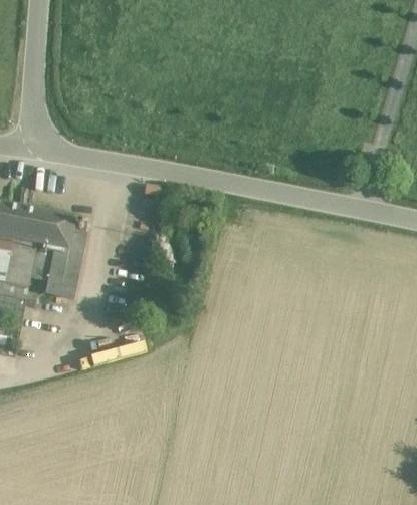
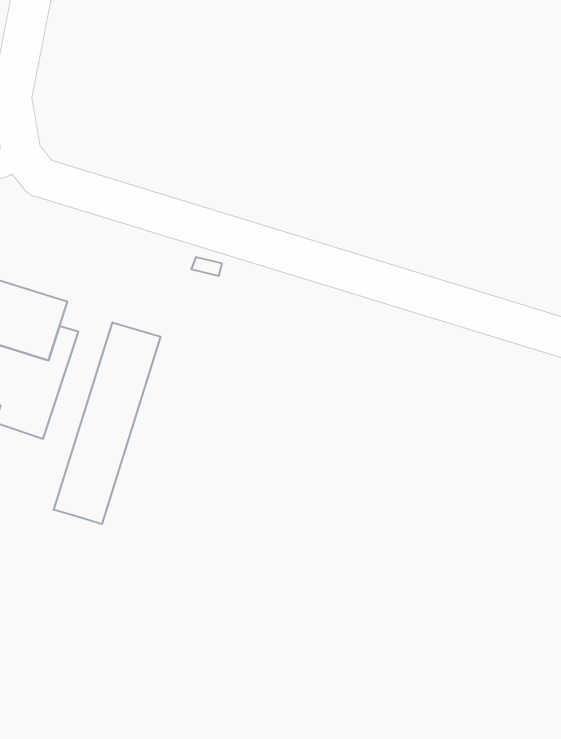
building: none -> [54,322,161,524]

